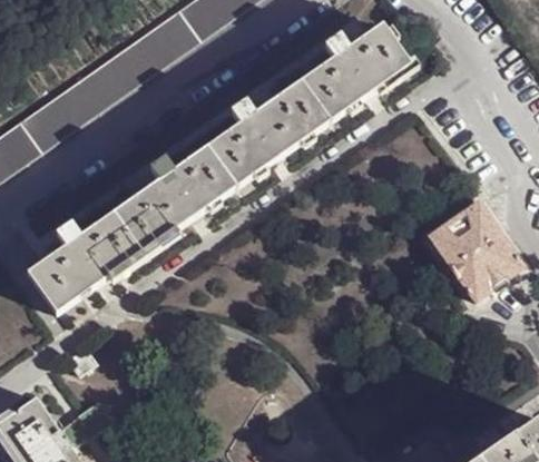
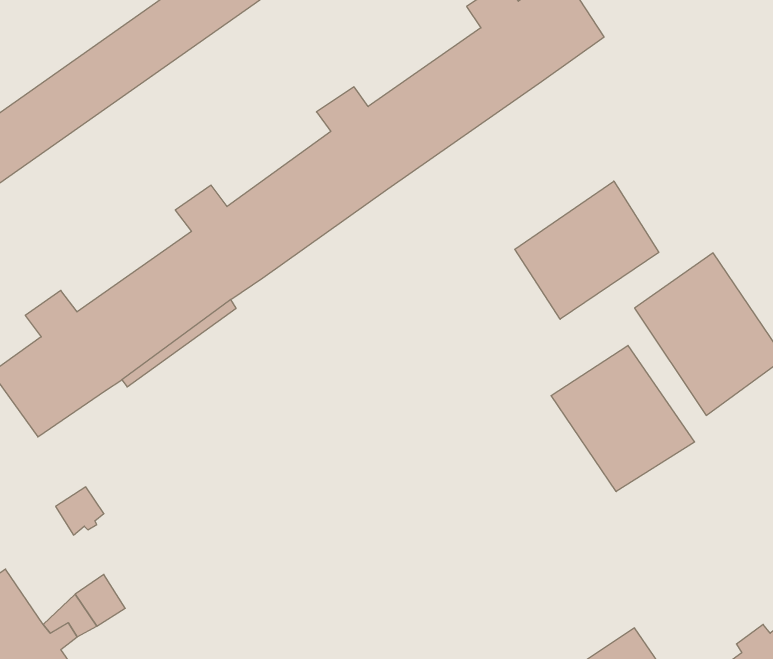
building: none -> [515,181,659,319]
building: none -> [551,345,695,492]

